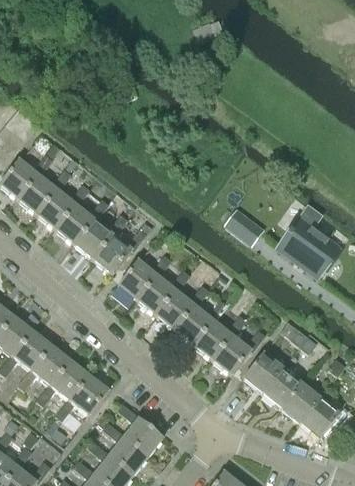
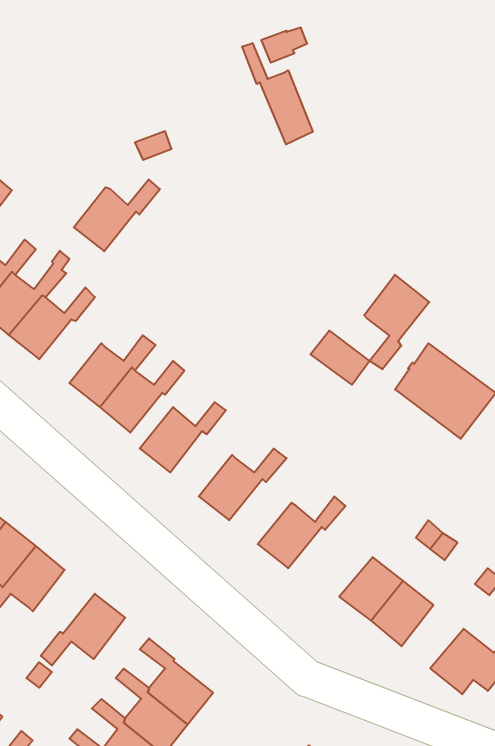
building: none -> [242,43,313,145]
building: none -> [364,275,429,369]
building: [55,198,109,243] -> [74,179,160,251]
building: [137,269,191,314] -> none
building: [174,299,228,344] -> none
building: [211,329,266,375] -> none
building: [37,360,90,405] -> none
building: [282,382,321,422] -> none

